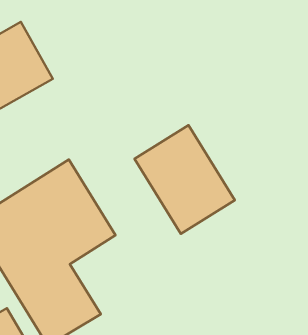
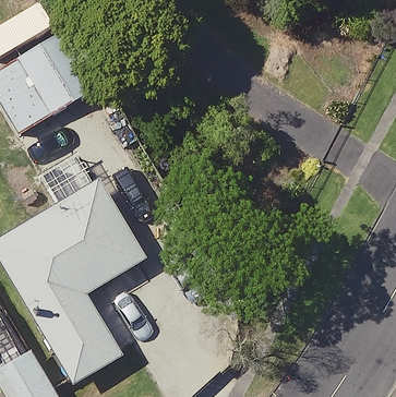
building: [135,125,235,234] -> none

